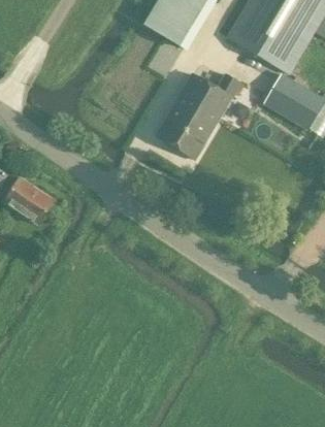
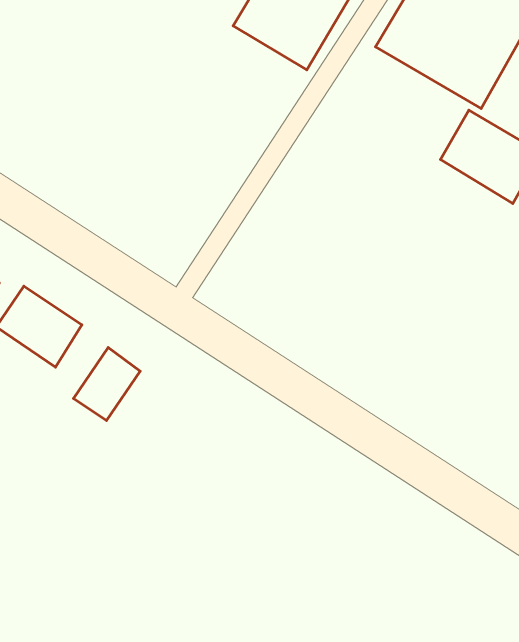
building: [156,73,240,159] -> none
building: none -> [73,347,140,420]

